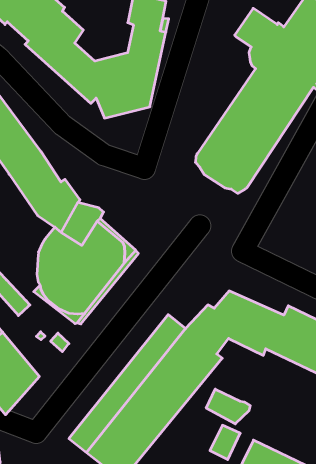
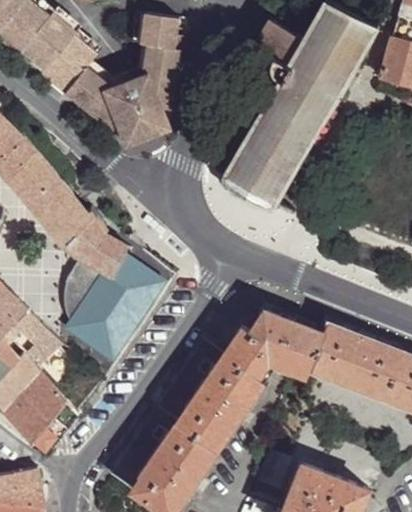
building: [206,389,250,424] -> none

